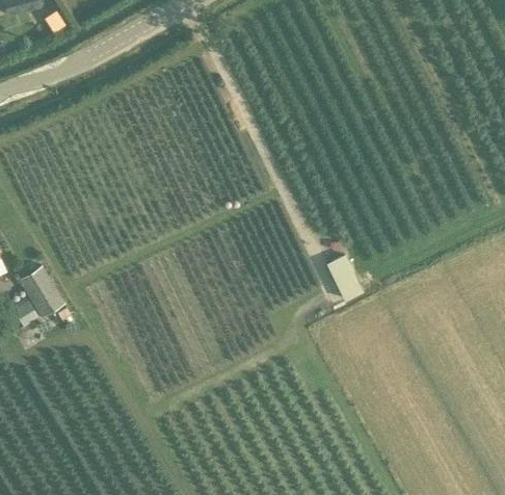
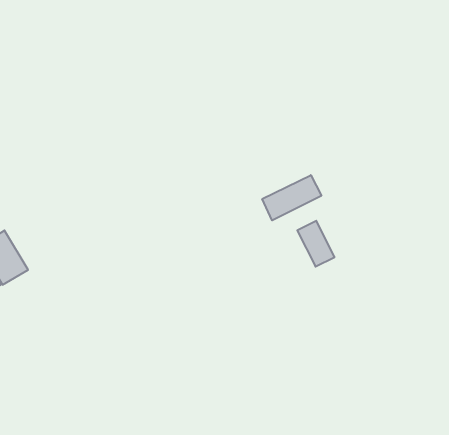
building: none -> [262,175,321,220]

